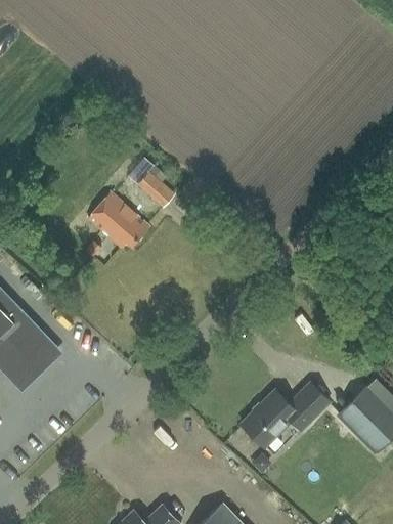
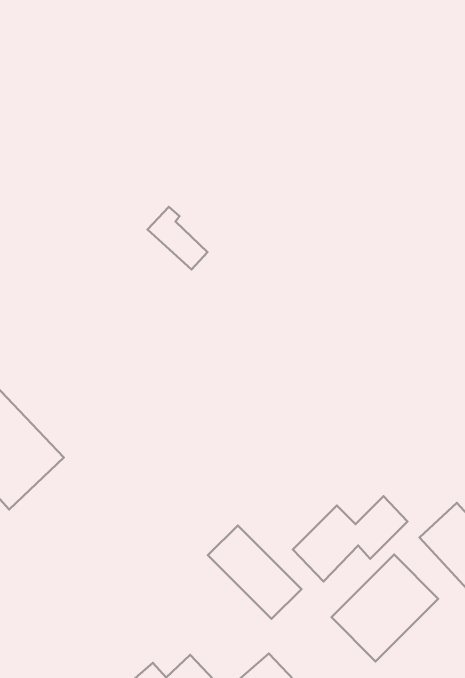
building: [88,190,149,244] -> none
building: none -> [208,526,301,619]
building: none -> [331,554,438,661]

